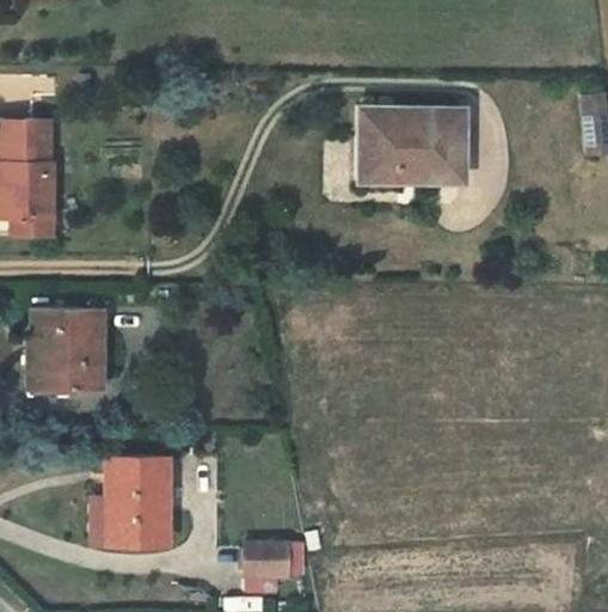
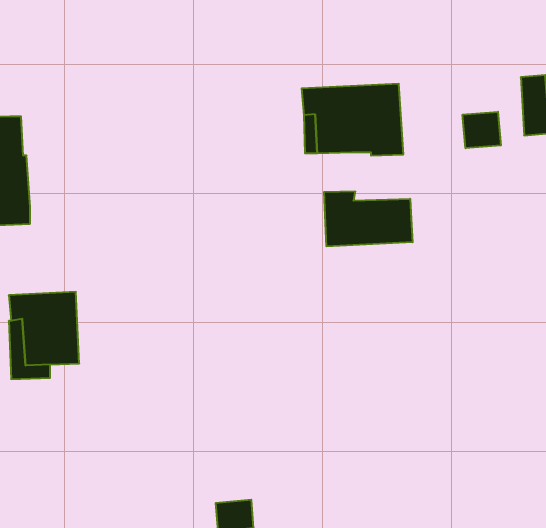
building: none -> [463,112,501,148]
building: none -> [324,191,413,246]
building: [100,461,180,547] -> none

